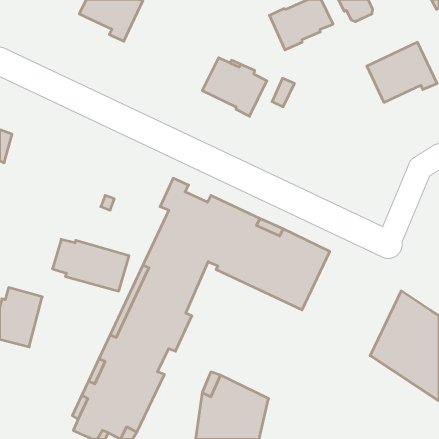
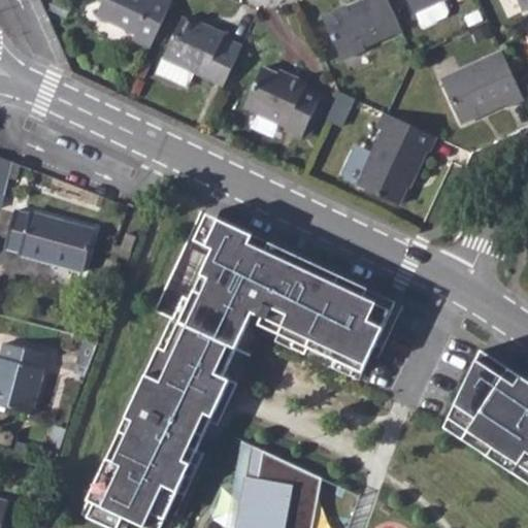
building: none -> [163,21,239,87]
building: none -> [357,114,434,206]
building: [52,239,129,291] -> [5,211,97,273]

